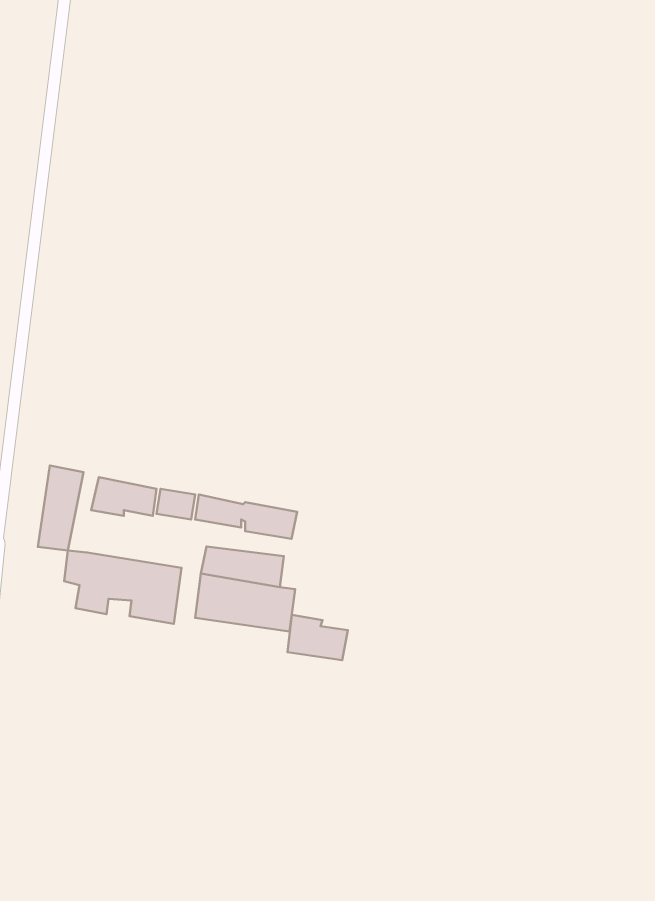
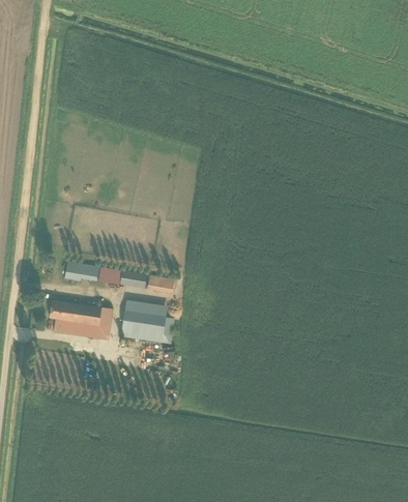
building: [38,465,84,550] -> none
building: [287,615,348,660] -> none

